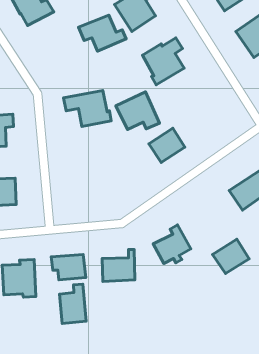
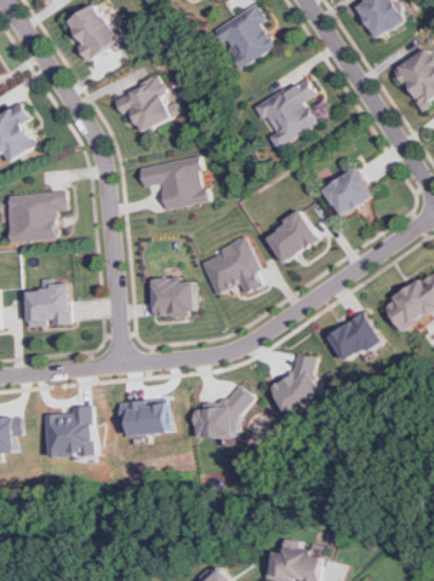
building: [79,15,126,51] -> [112,77,182,131]
building: [116,92,159,130] -> [198,238,262,294]
building: none -> [321,167,372,215]
building: none -> [149,276,193,316]
building: [212,239,249,273] -> [326,311,381,362]
building: [59,284,86,323] -> none

